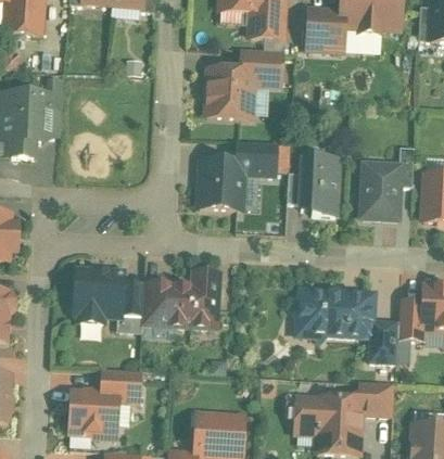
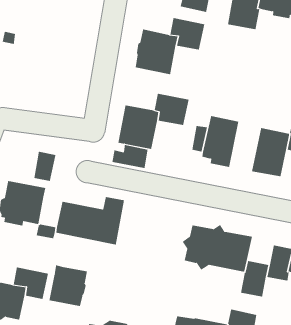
building: none -> [112,144,148,169]
building: [122,281,144,315] -> [33,151,56,182]
building: none -> [49,265,87,307]

